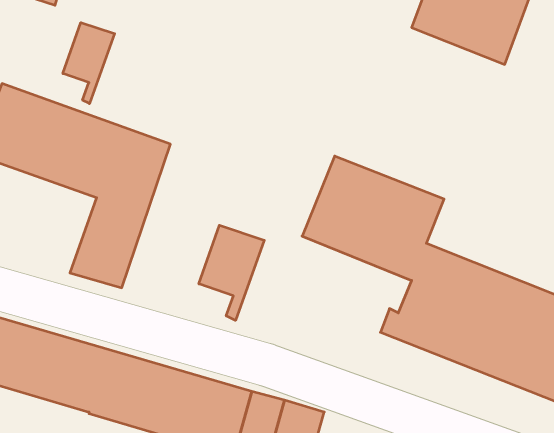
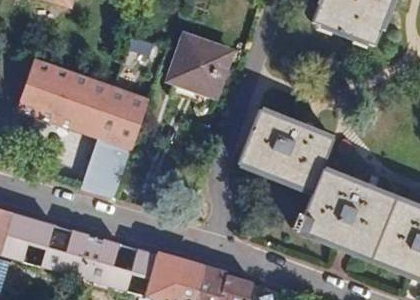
building: [63,23,115,104] -> none
building: none -> [167,32,233,97]
building: [199,225,264,320] -> none

